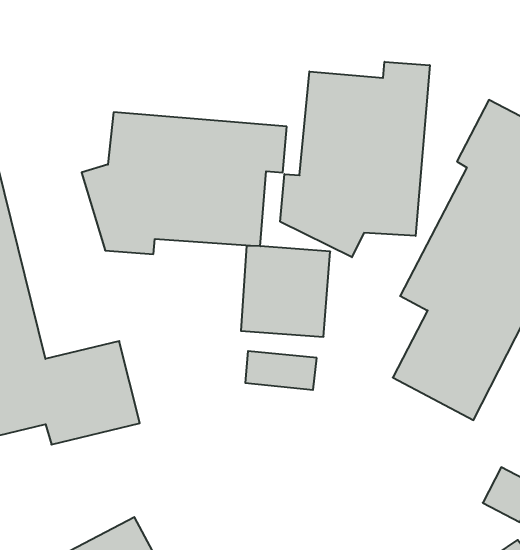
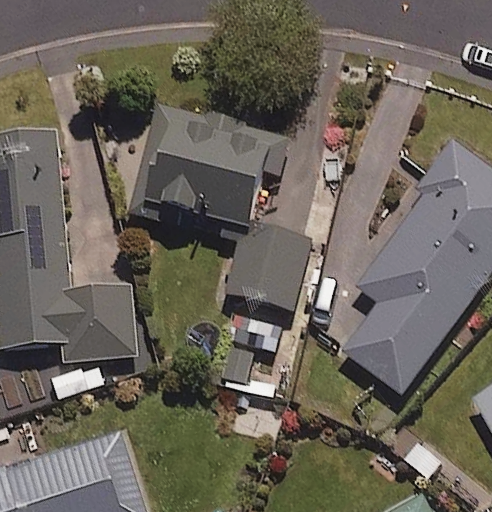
building: [280,62,430,257] -> none

